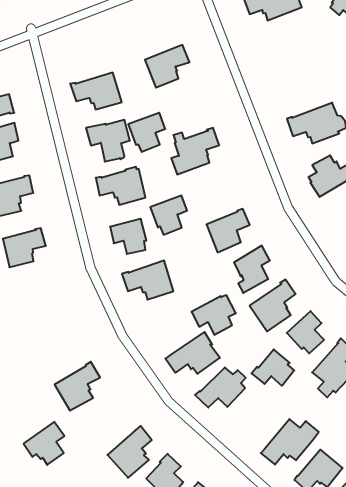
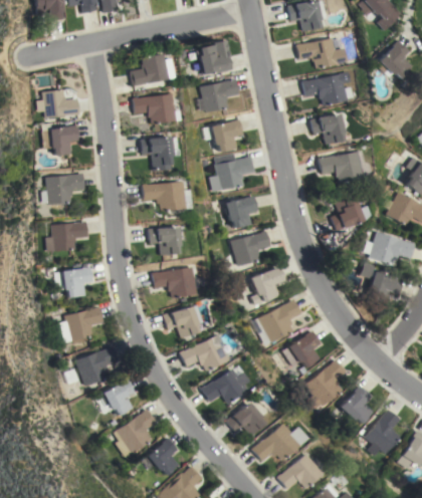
building: none -> [197,44,233,75]
building: none -> [301,71,352,105]
building: none -> [130,53,175,86]
building: none -> [310,113,344,144]
building: [128,113,165,152] -> [212,119,244,152]
building: [150,196,187,235] -> [227,196,259,228]
building: none -> [63,266,94,297]
building: [191,295,236,335] -> [163,305,202,338]
building: none -> [61,306,104,342]
building: [251,349,294,386] -> [225,403,263,436]
building: [24,422,64,465] -> [98,379,136,416]

